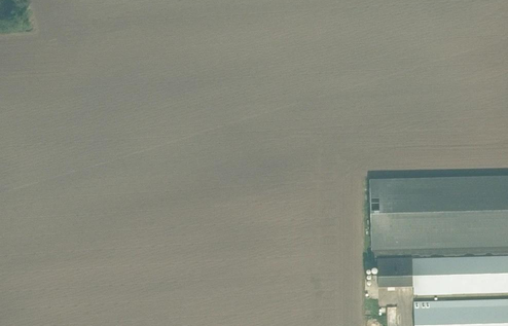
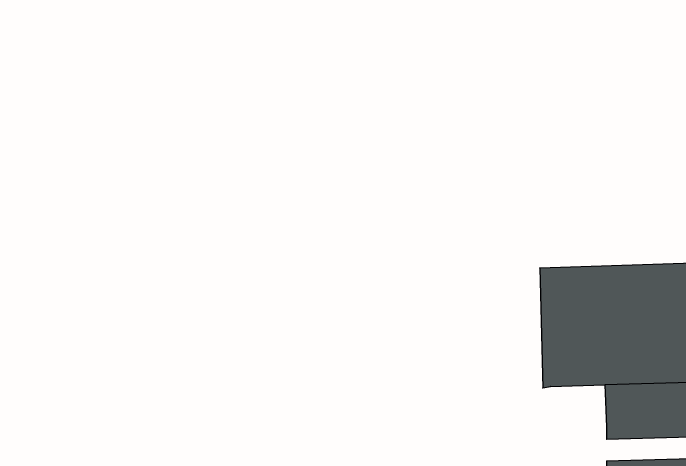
building: [377,257,414,286] -> none

